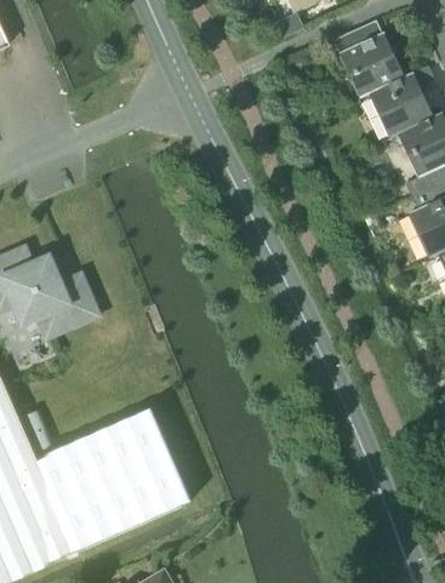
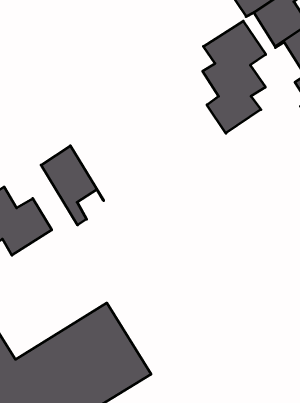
building: none -> [203,21,266,133]
building: none -> [41,146,104,225]

